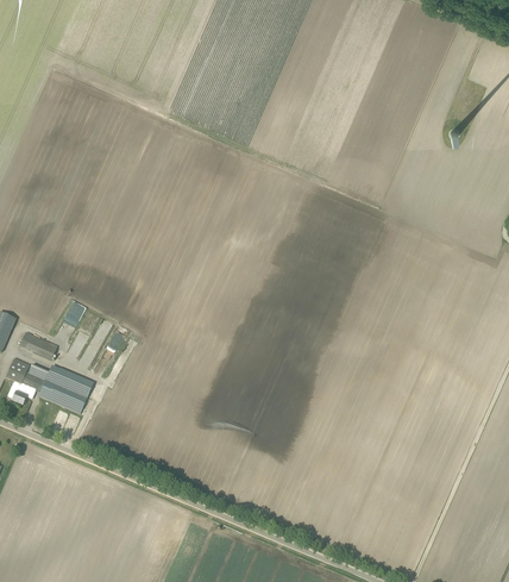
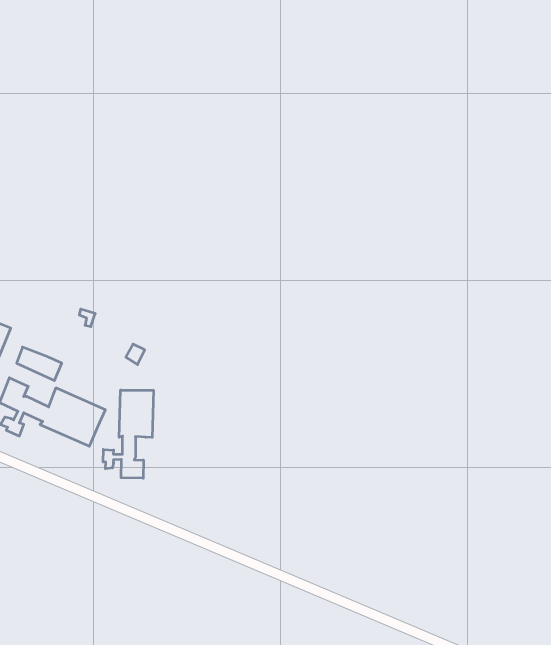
building: none -> [103,390,153,478]

